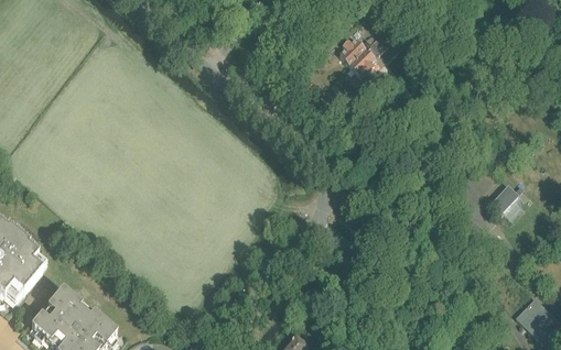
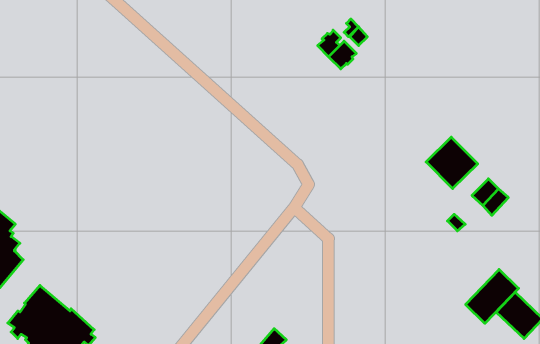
building: none -> [426,137,478,189]
building: none -> [466,269,519,323]

